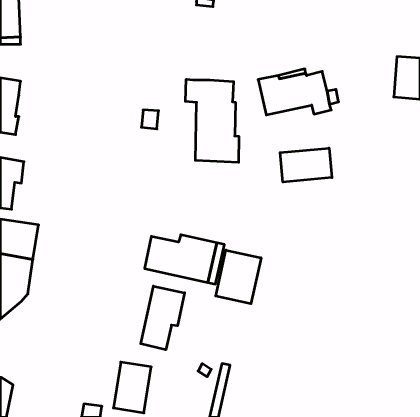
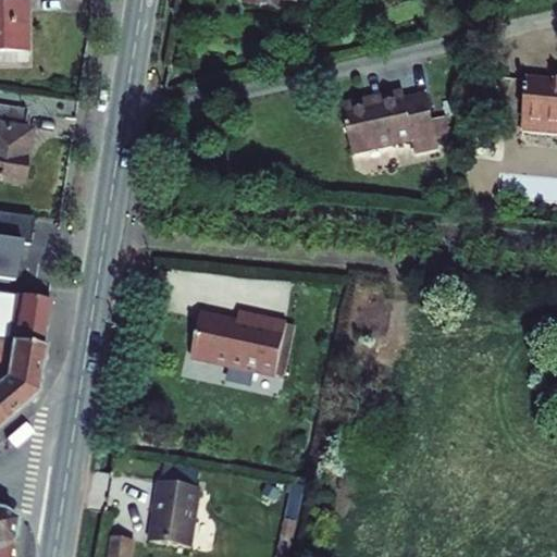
building: [185,79,239,162] -> none
building: [280,148,332,182] -> none
building: [216,250,261,304] -> none
building: [141,286,185,350] -> none

